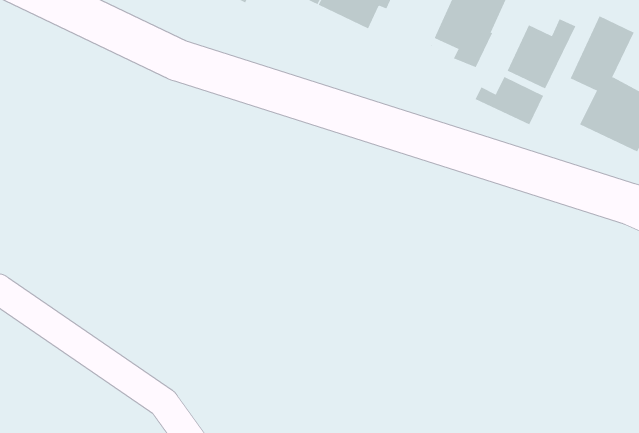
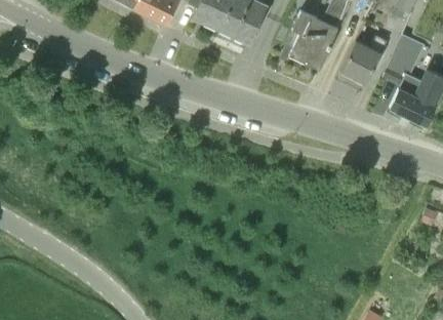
building: [475,76,544,125] -> none

